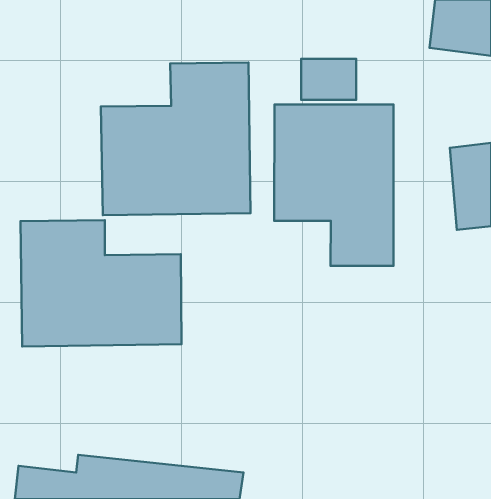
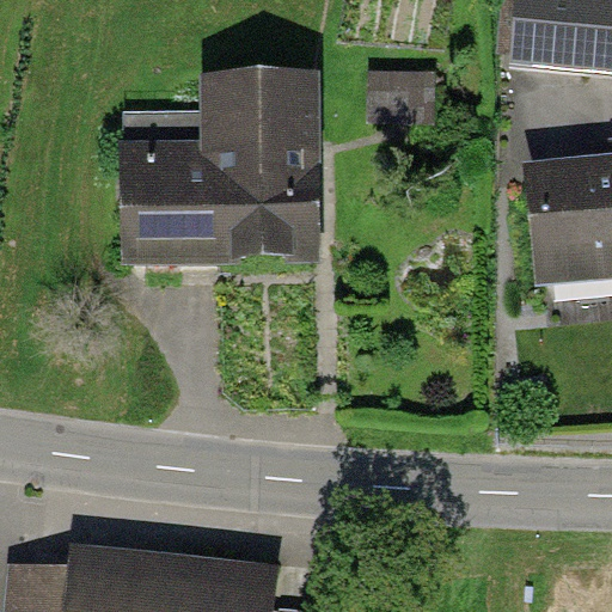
building: [274,105,394,266] -> none
building: [21,220,182,346] -> none

